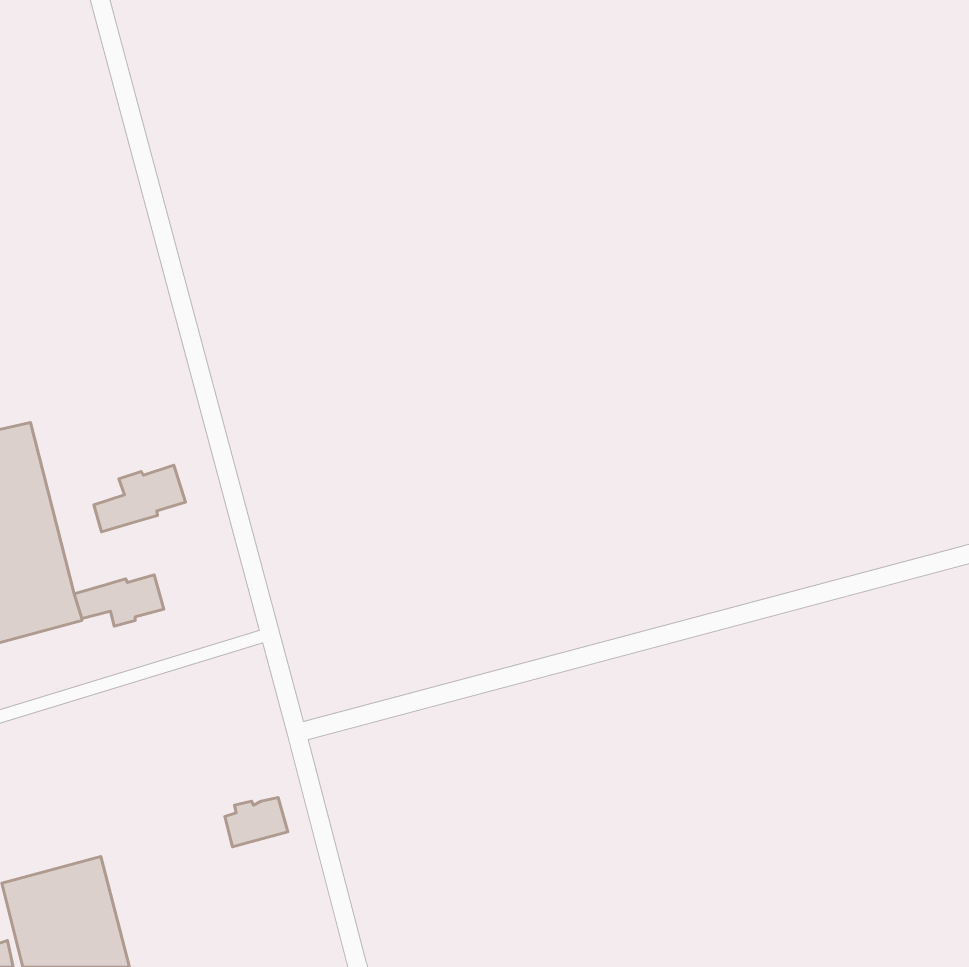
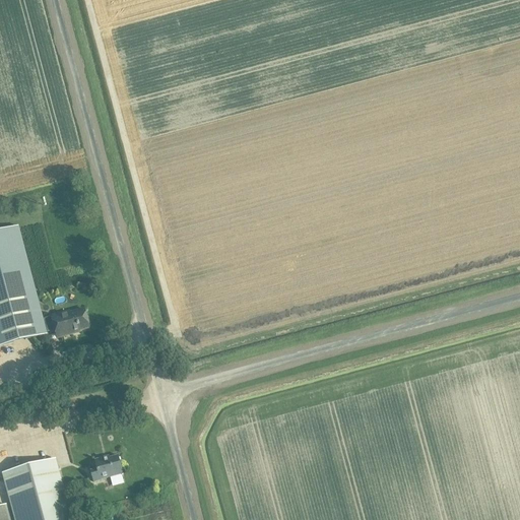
building: [94,465,186,532] -> none
building: [225,797,288,847] -> [87,453,121,479]

